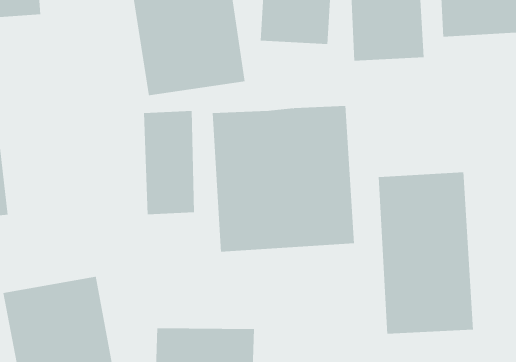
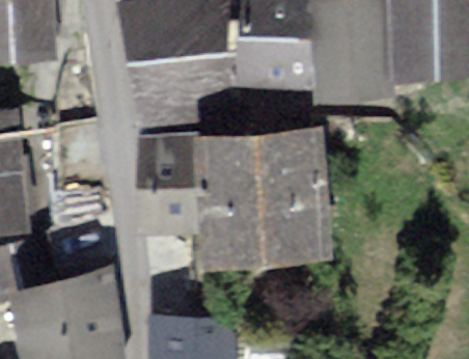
building: [378,171,474,334] -> none

